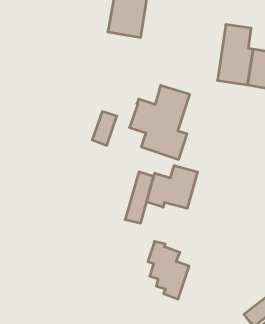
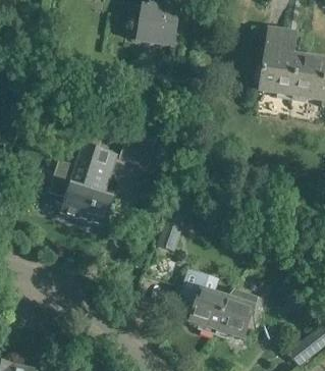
building: [129,85,190,159] -> [49,143,116,225]
building: [147,166,198,208] -> none
building: none -> [215,287,263,338]

